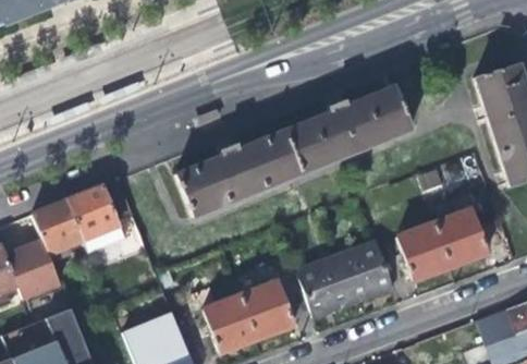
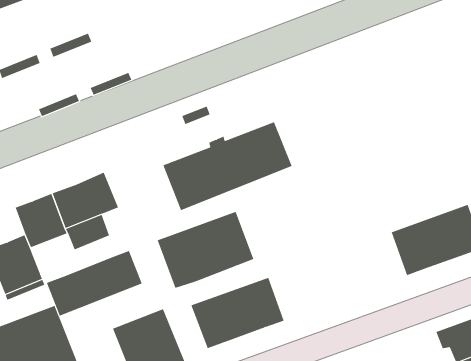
building: [284,84,412,172] -> none
building: [296,239,391,314] -> [157,211,254,288]
building: none -> [46,250,143,317]

